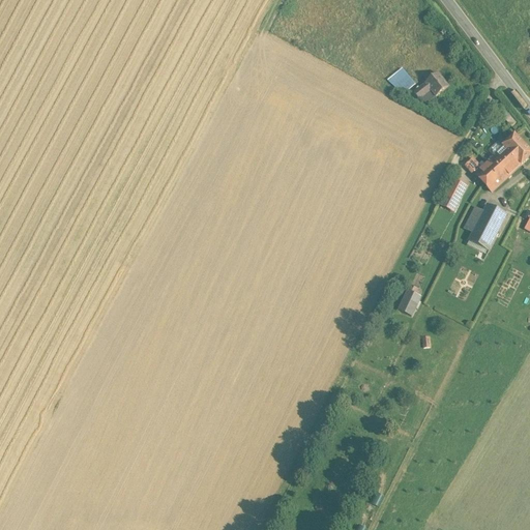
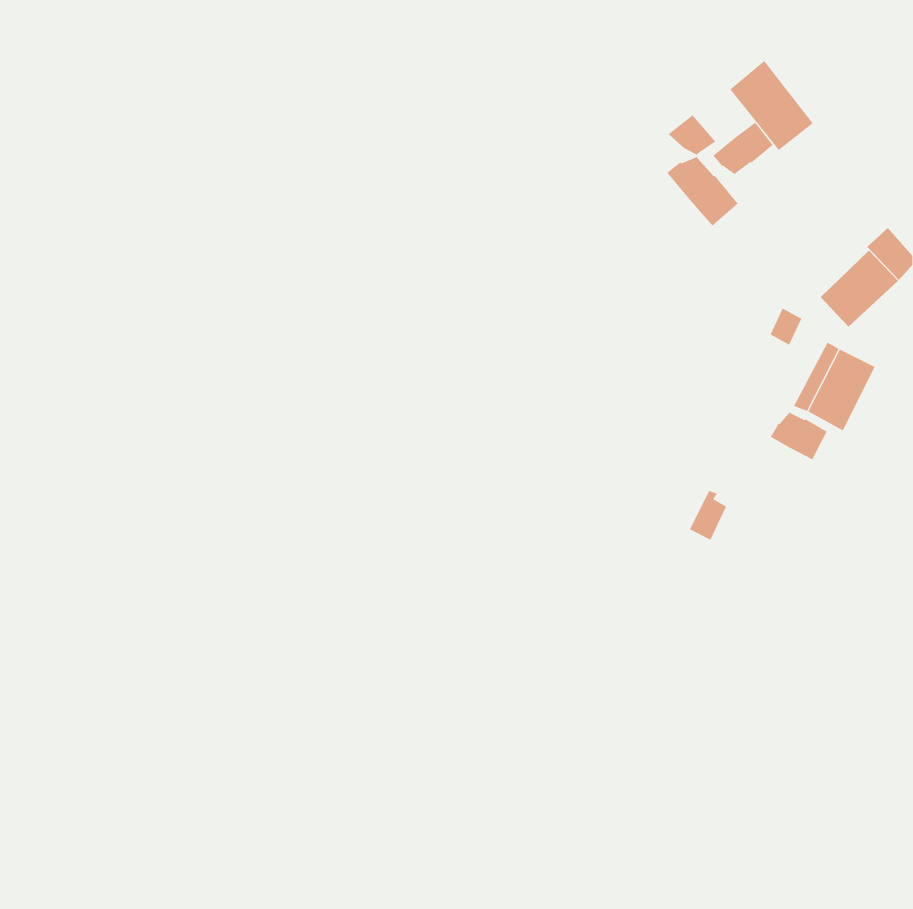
building: none -> [730,60,814,151]
building: none -> [666,156,738,227]
building: none -> [770,411,827,460]

